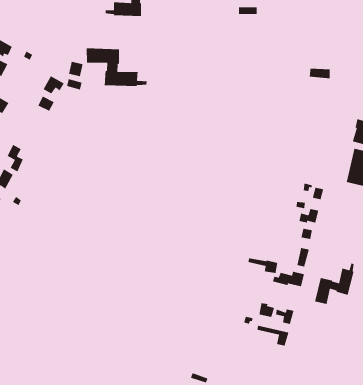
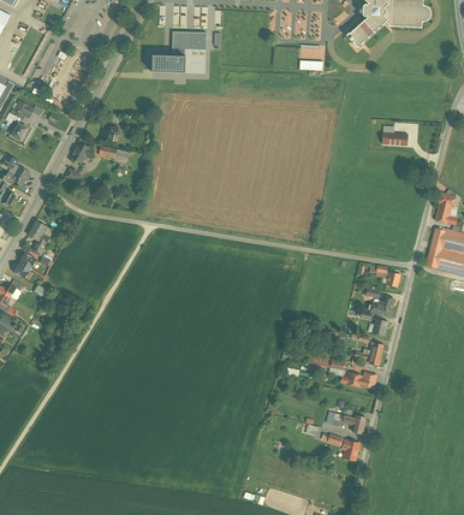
building: [86,48,148,87] -> none
building: [314,263,355,305] -> none

